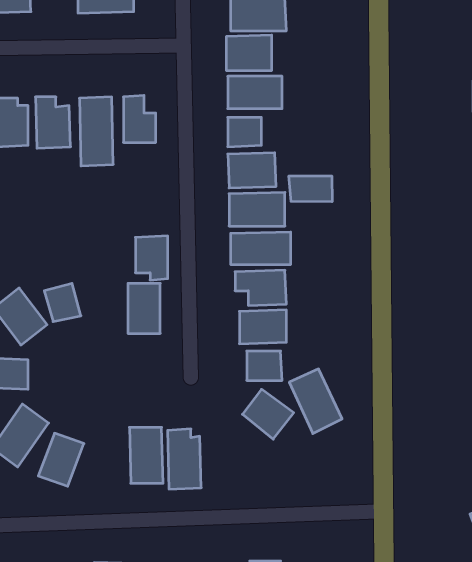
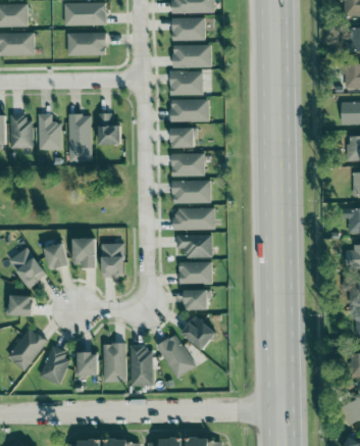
building: [289,176,332,202] -> none
building: [135,236,168,280] -> [73,238,96,268]
building: [289,369,342,434] -> [158,334,195,379]
building: none -> [78,352,99,377]

